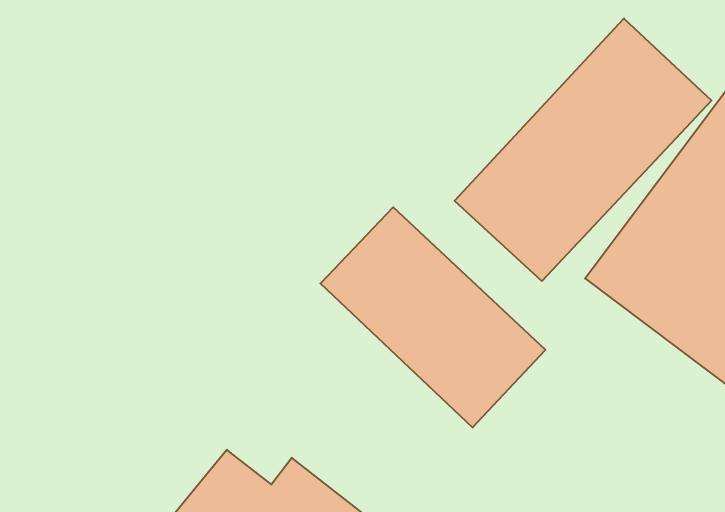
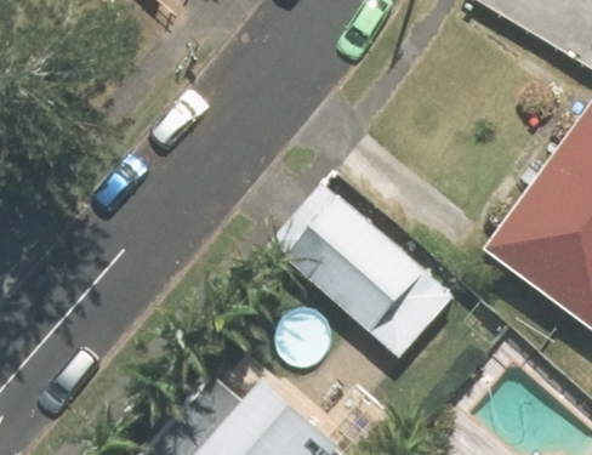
building: [455,18,711,281] -> none

